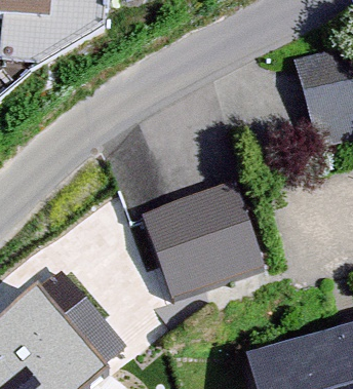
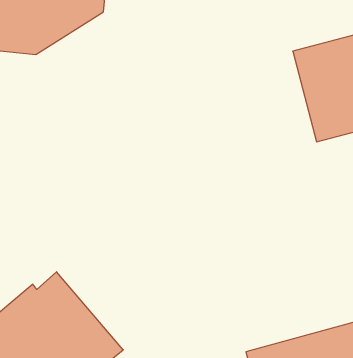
building: [140,178,265,300] -> none

